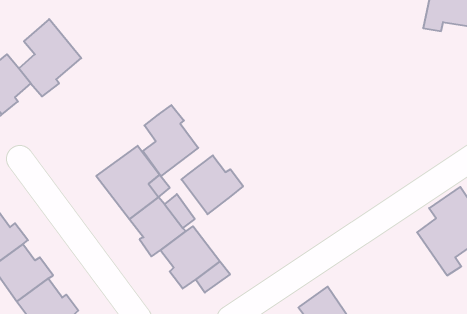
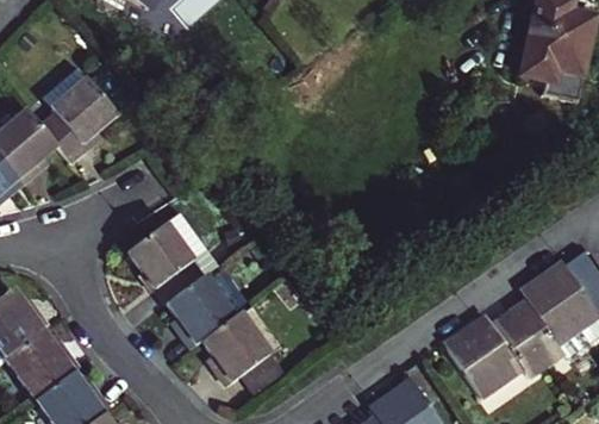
building: [143,105,198,176] -> none
building: [181,155,243,214] -> none
building: none -> [443,318,547,400]

